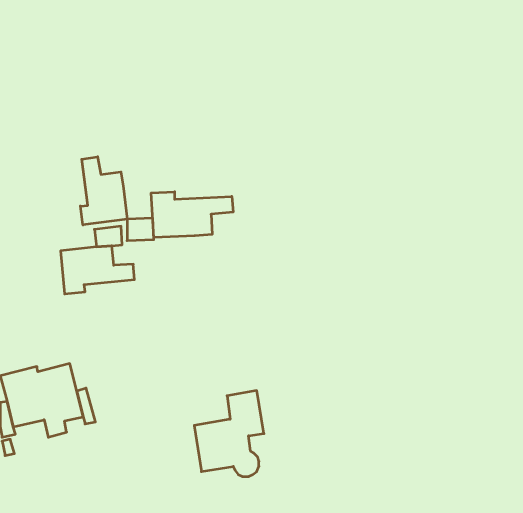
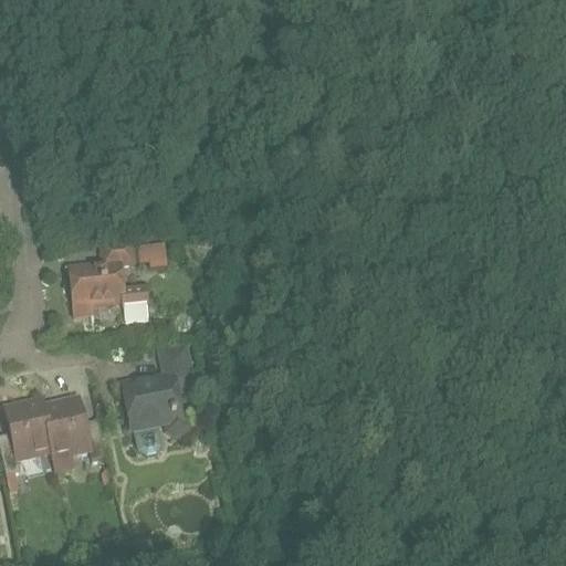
building: [80,157,127,225] -> none
building: [151,192,233,237] -> none
building: [194,391,264,477] -> [120,344,196,437]

